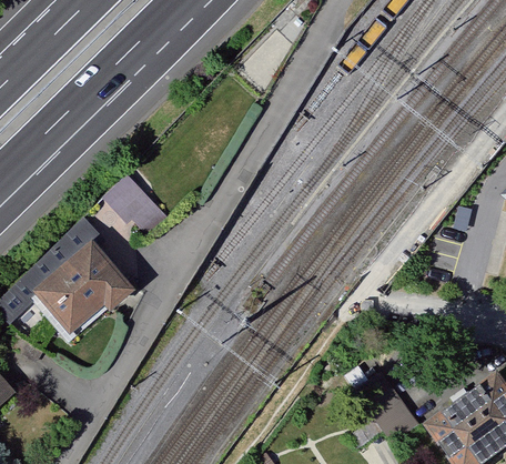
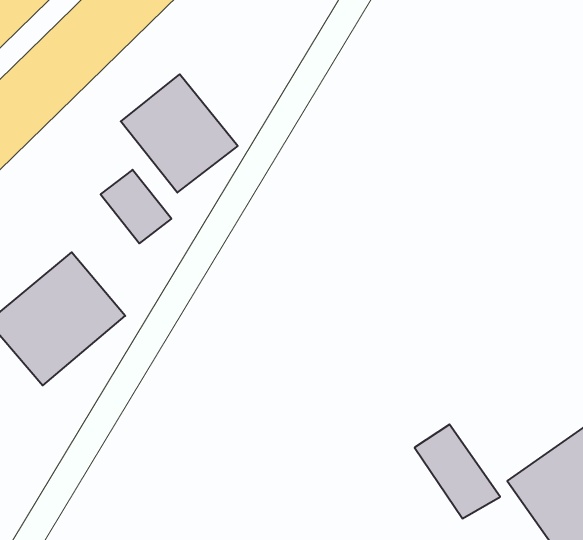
building: none -> [121,74,238,193]

